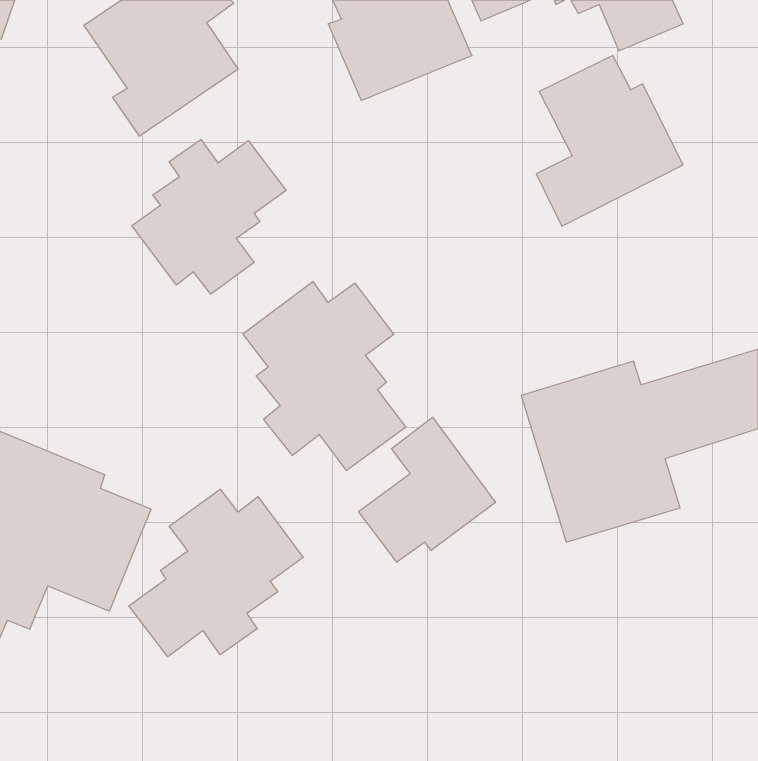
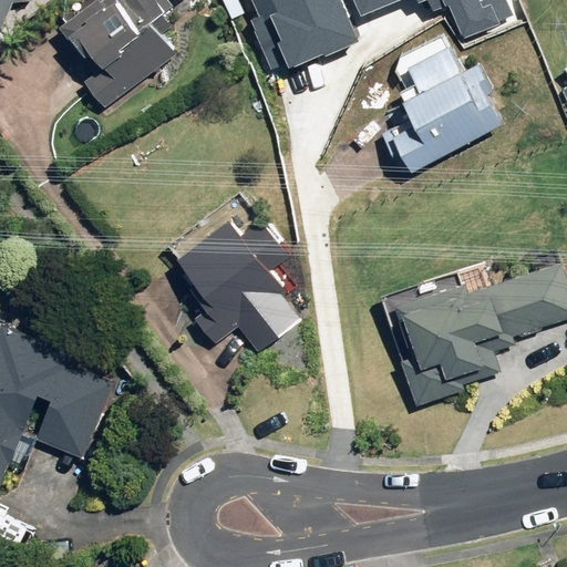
building: [132,139,286,294] -> none
building: [358,417,495,562] -> none
building: [129,489,303,657] -> none

